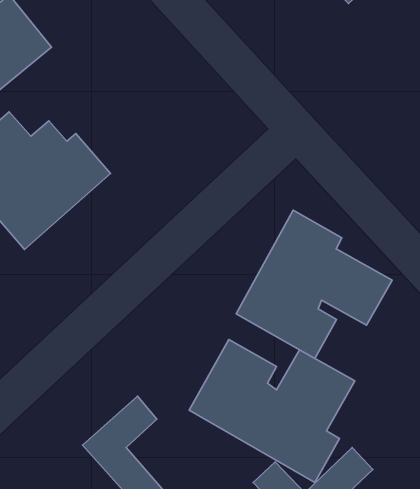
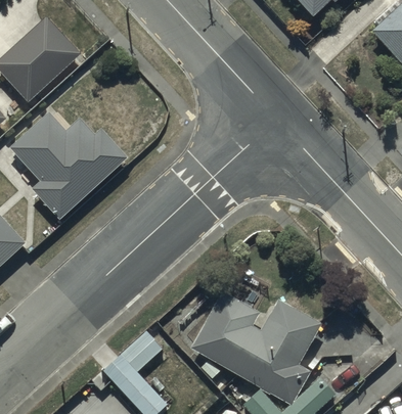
building: [236,210,392,358] -> none

